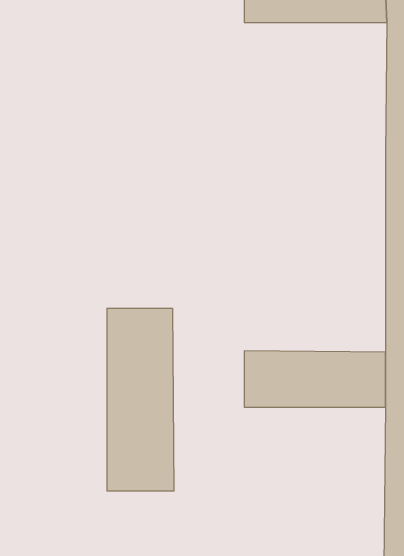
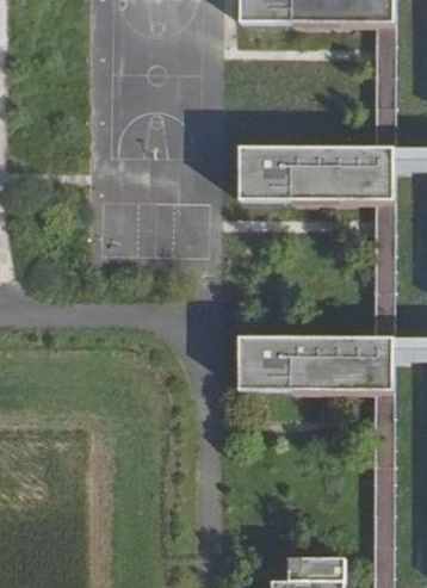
building: none -> [246,147,371,200]
building: [107,308,174,491] -> none

